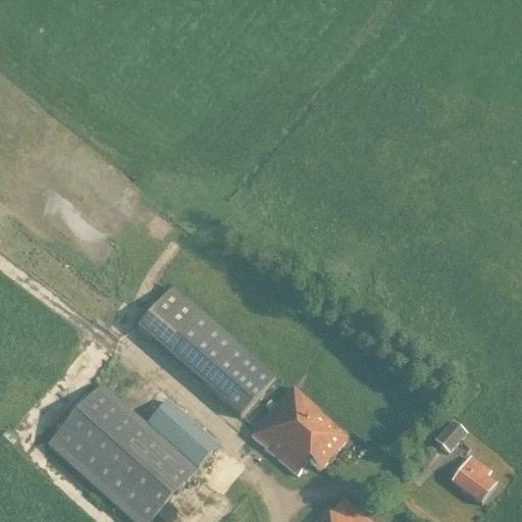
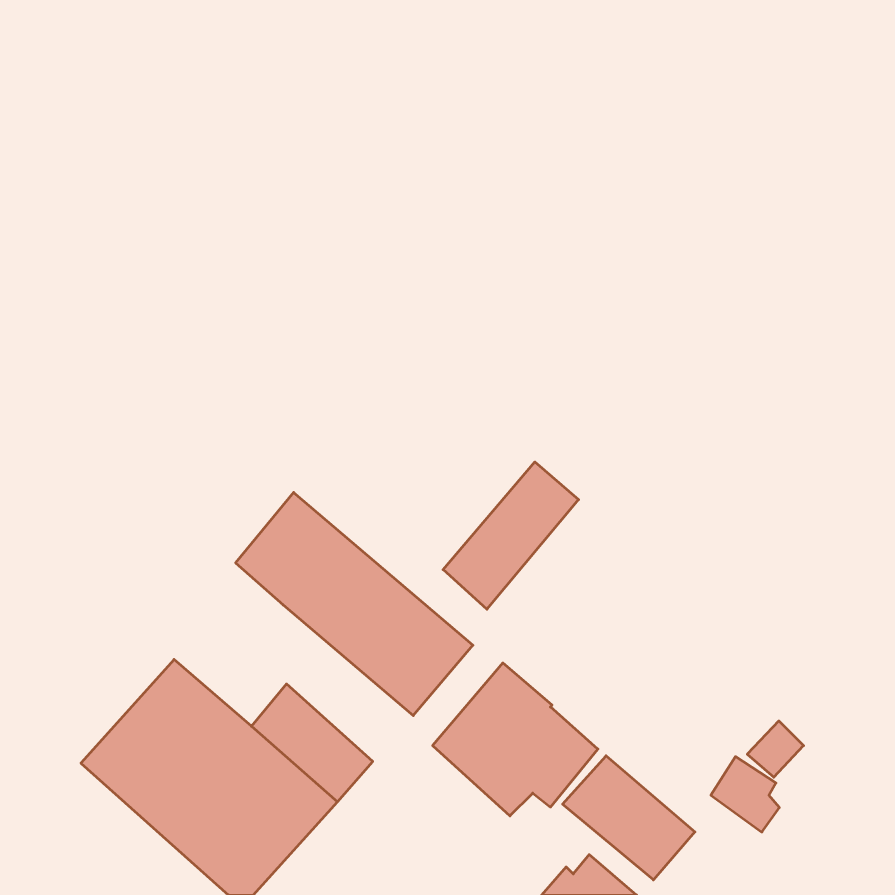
building: none -> [443,462,579,609]
building: none -> [563,756,695,880]
building: [454,458,493,502] -> [711,757,779,832]

